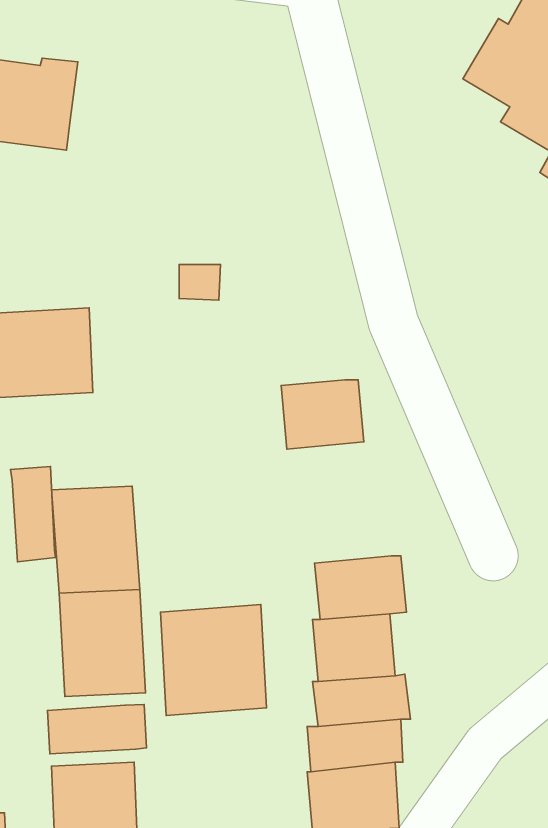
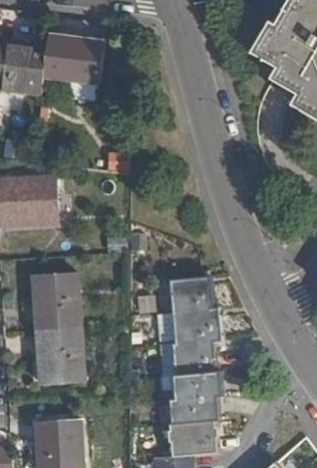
building: none -> [43,35,104,83]
building: [281,380,364,449] -> [171,277,215,314]
building: [10,467,55,562] -> none
building: [160,605,267,716] -> none
building: [48,704,146,754] -> none

